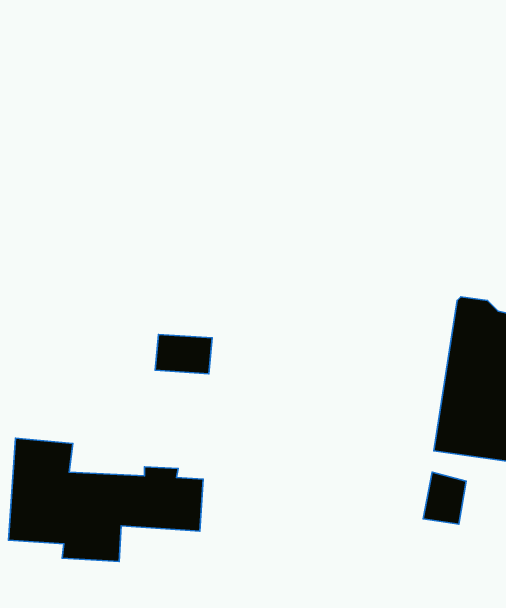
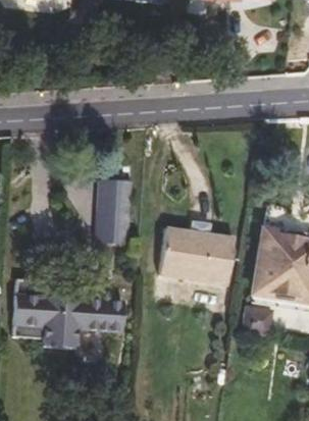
building: none -> [98,187,131,228]
building: none -> [160,226,235,283]

